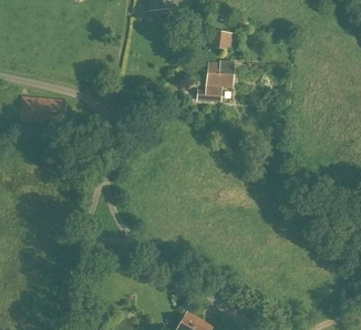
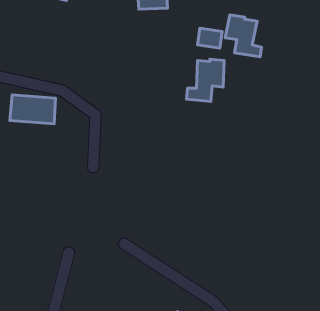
building: none -> [225,15,261,57]

